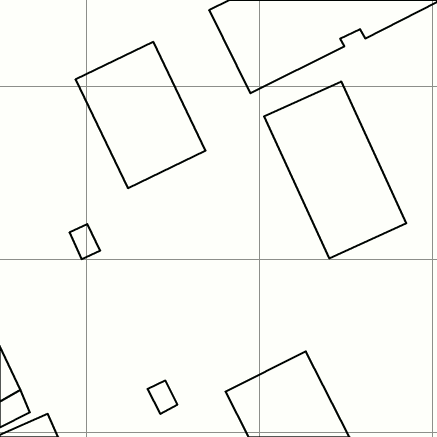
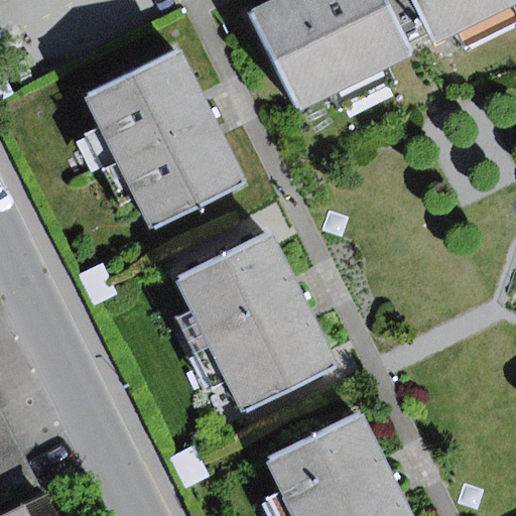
building: [264,81,406,258] -> none
building: none -> [177,234,335,410]

